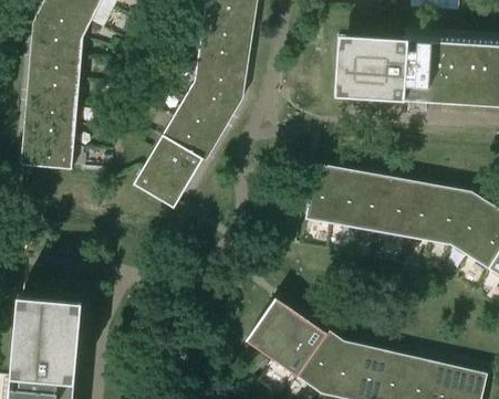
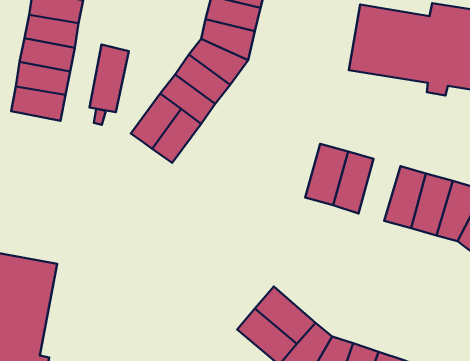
building: none -> [89,45,129,112]
building: [355,176,389,232] -> none

